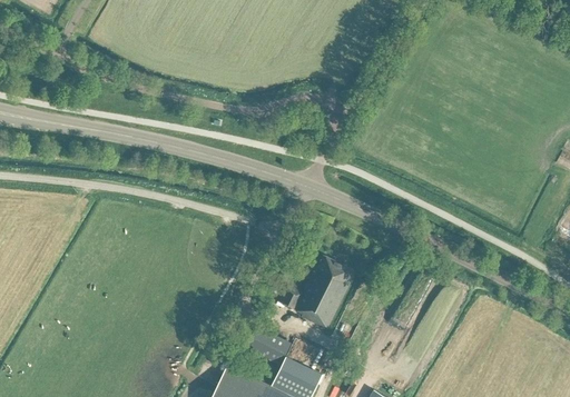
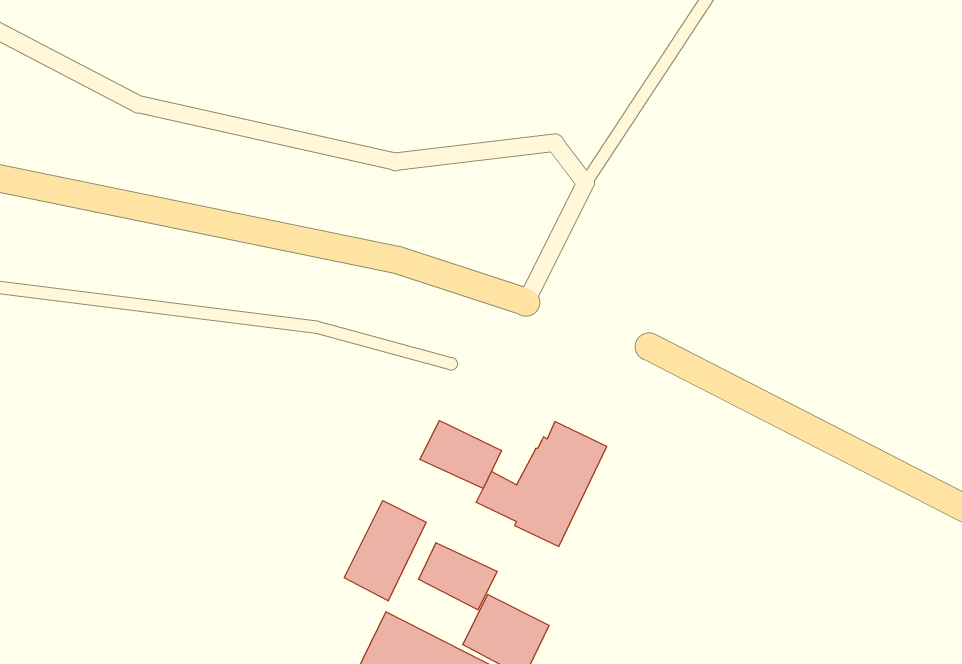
building: none -> [420,421,501,488]
building: none -> [344,501,426,601]

